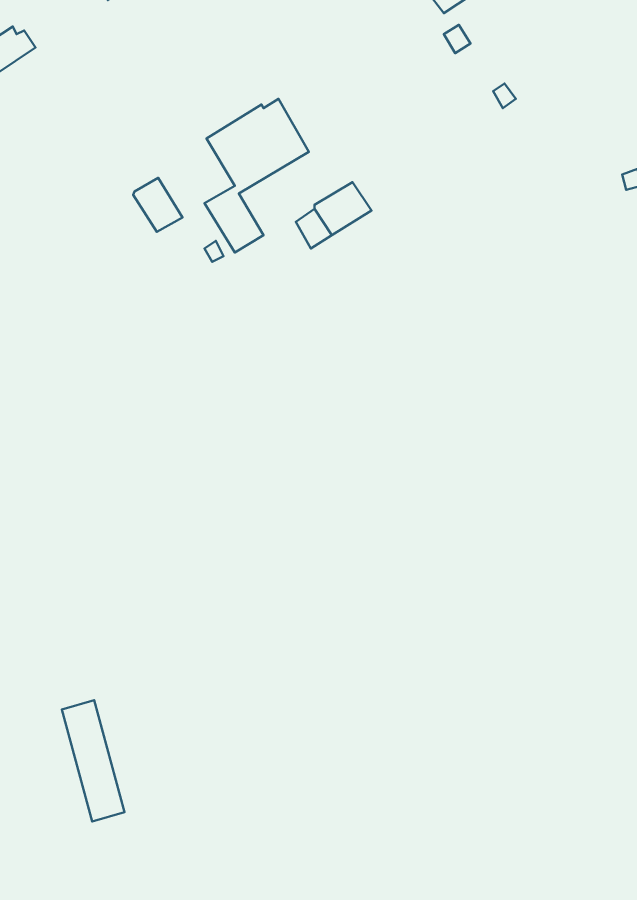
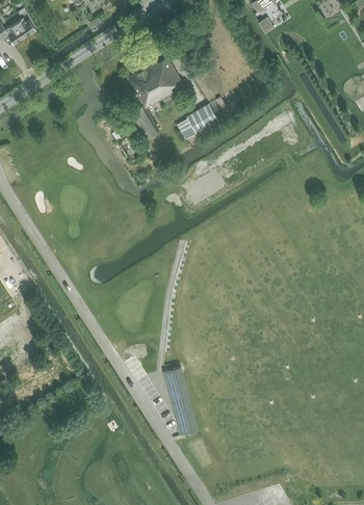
building: [133,178,182,232] -> none
building: [62,700,125,822] -> [163,367,198,433]

